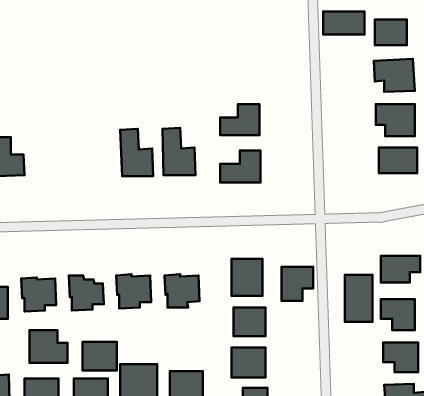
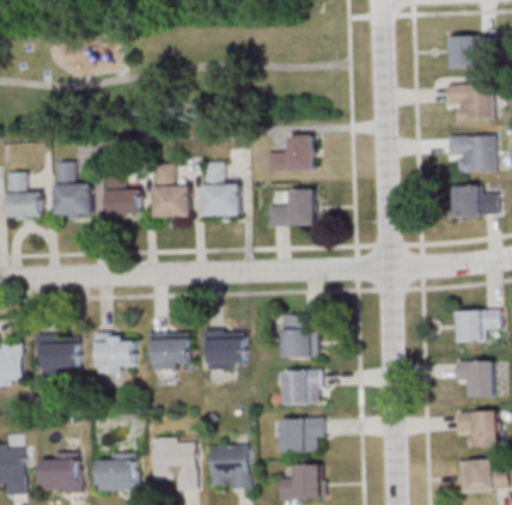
building: [323,12,365,35] -> none
building: none -> [53,162,91,218]
building: none -> [105,171,140,217]
building: [281,267,313,301] -> none
building: [345,275,373,322] -> none
building: [30,330,68,363] -> none
building: [83,342,117,371] -> none

